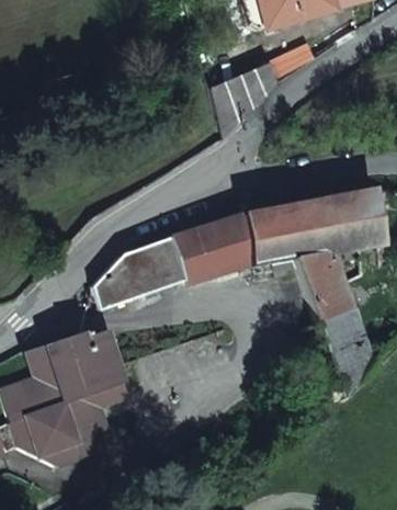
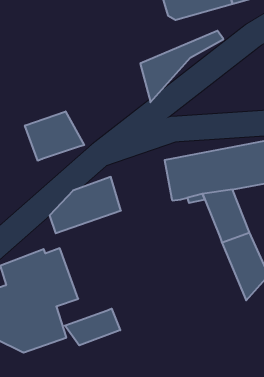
building: none -> [25,111,84,161]
building: [173,213,252,283] -> none
building: none -> [65,309,120,345]

